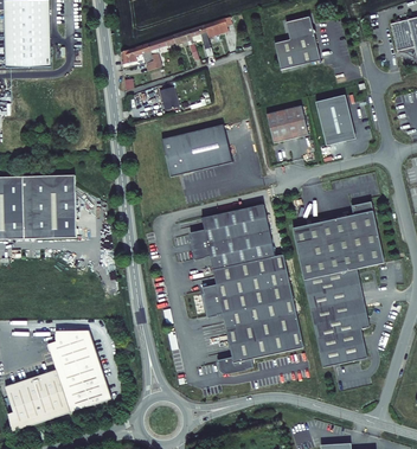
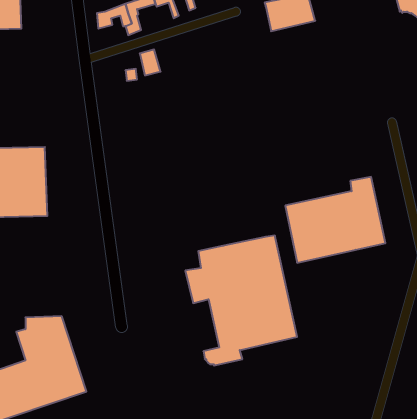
building: [315,94,353,145] -> none
building: [265,104,308,142] -> none
building: [160,123,232,177] -> none
building: [190,204,275,269] -> none
building: [303,268,370,367] -> none

